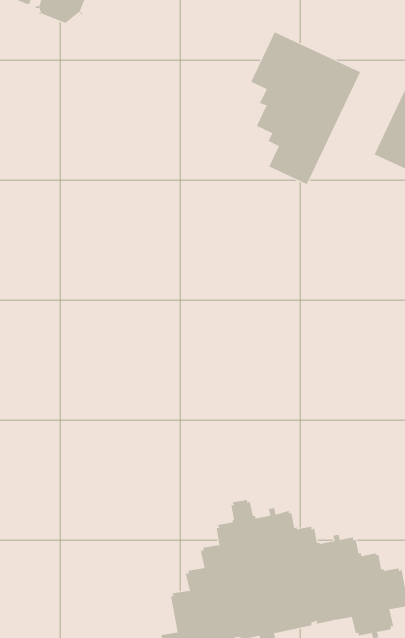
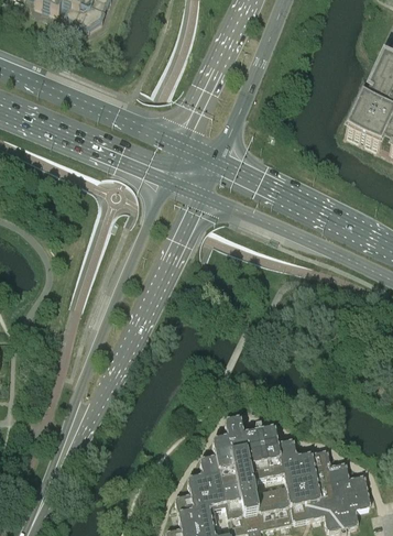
building: [251,32,361,185] -> none

